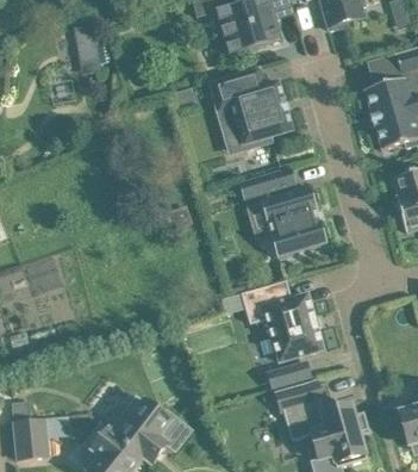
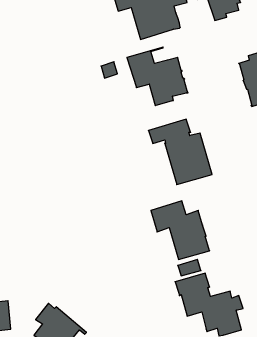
building: [76,23,105,73] -> none
building: [111,395,171,462] -> none

